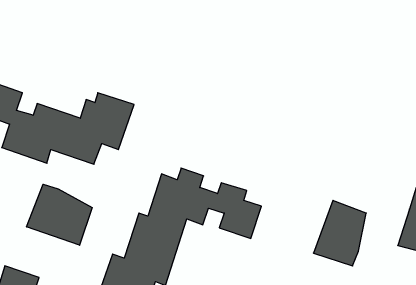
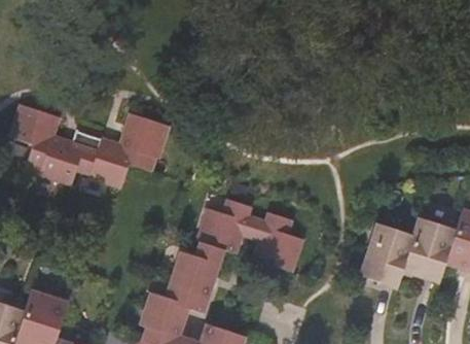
building: [27,184,92,245] -> none
building: none -> [404,219,458,286]

